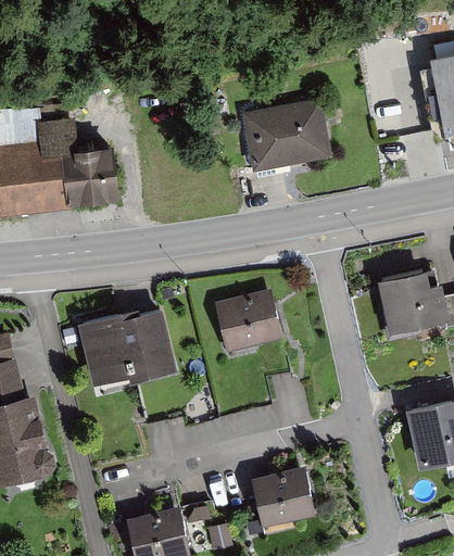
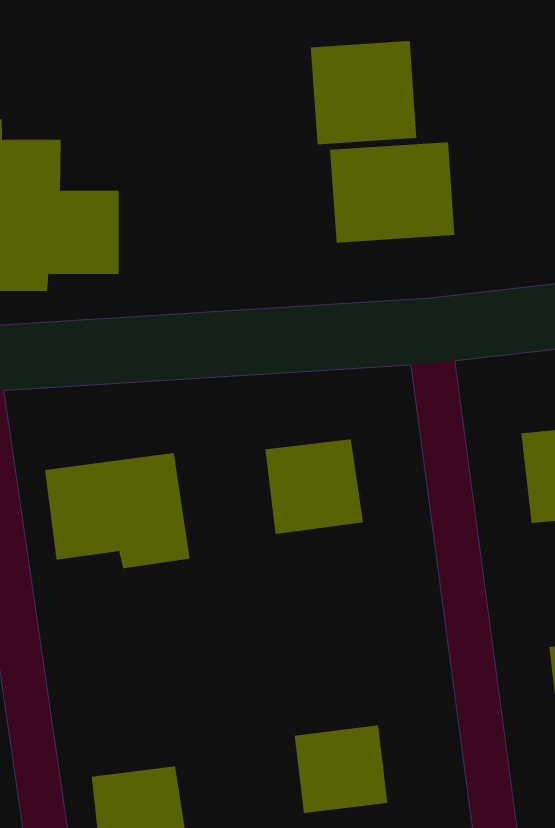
building: none -> [310,40,417,145]

